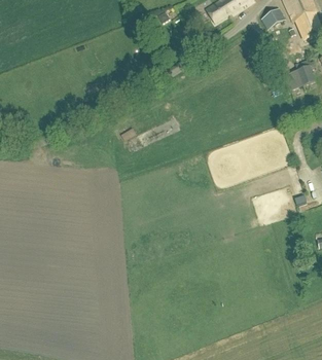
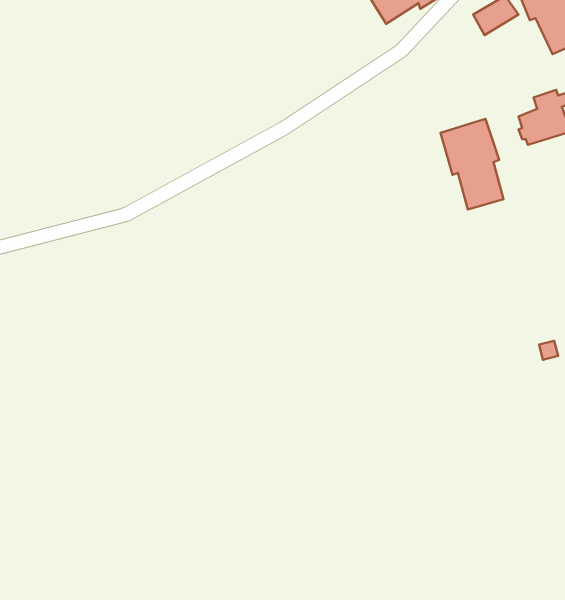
building: none -> [440,119,503,210]

